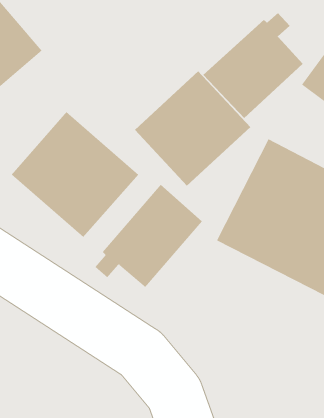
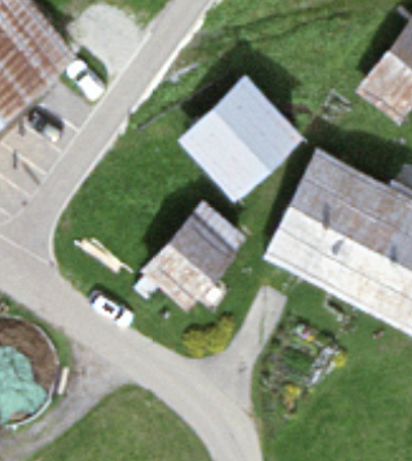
building: [203,12,303,119] -> none
building: [11,111,139,238] -> none

